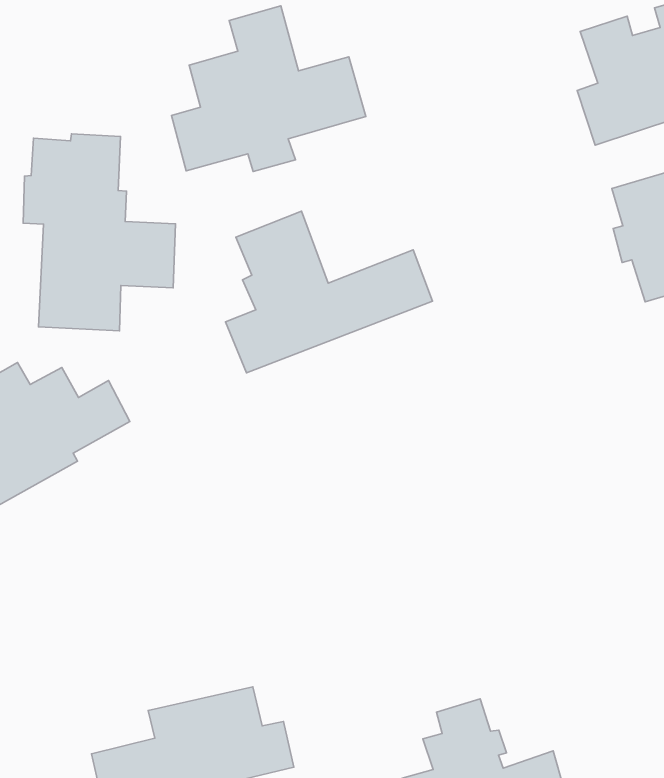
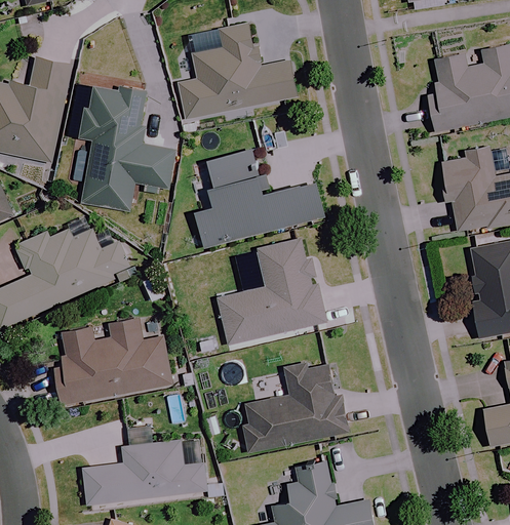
building: none -> [217,238,325,342]
building: none -> [54,320,172,403]
building: none -> [242,361,348,451]

